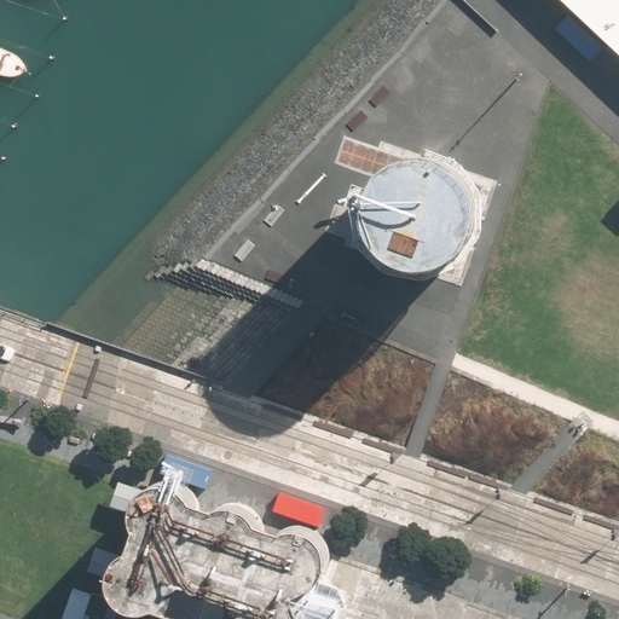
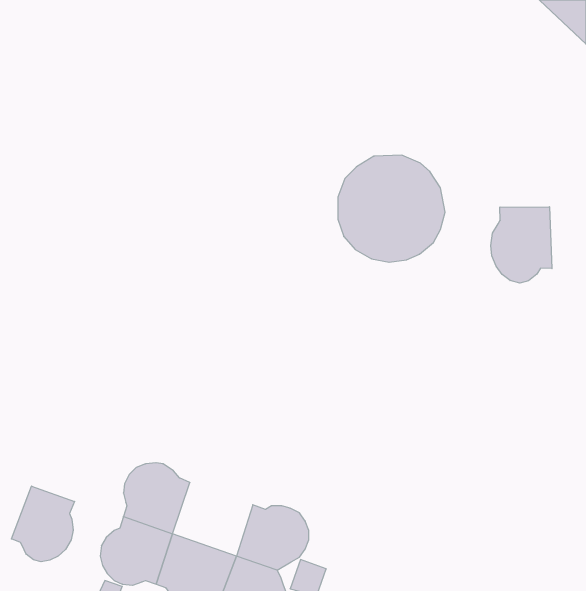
building: none -> [491,207,552,283]
building: [179,505,262,582] -> none
building: none -> [11,486,75,562]

